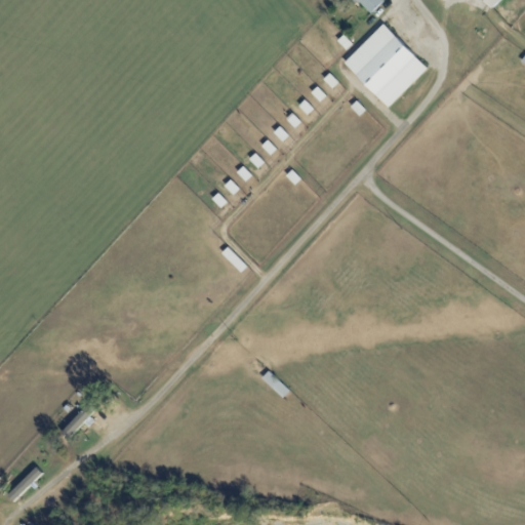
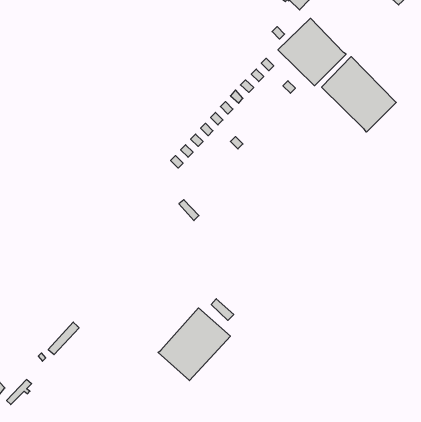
building: none -> [322,57,396,132]
building: none -> [158,308,230,381]

